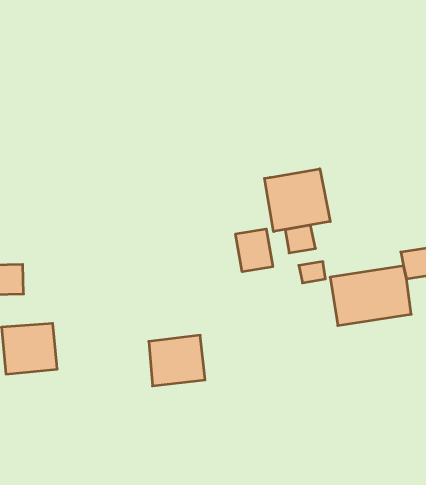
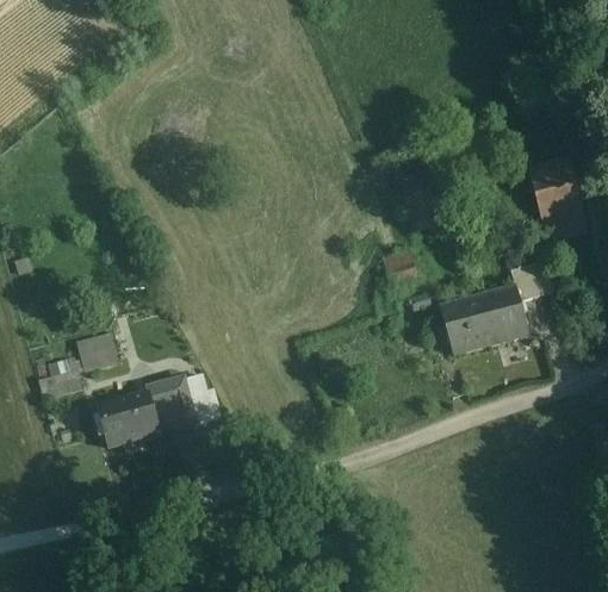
building: [264,169,330,232] -> none
building: [236,229,273,272] -> none
building: [149,335,205,386] -> [150,373,215,432]

